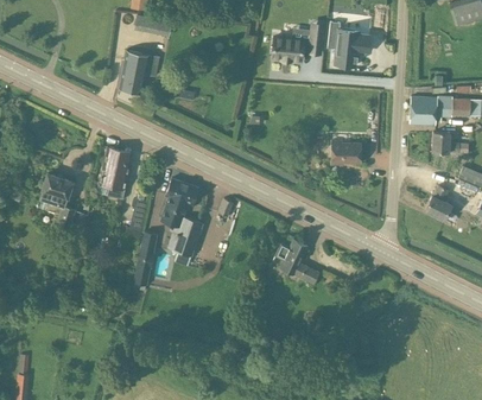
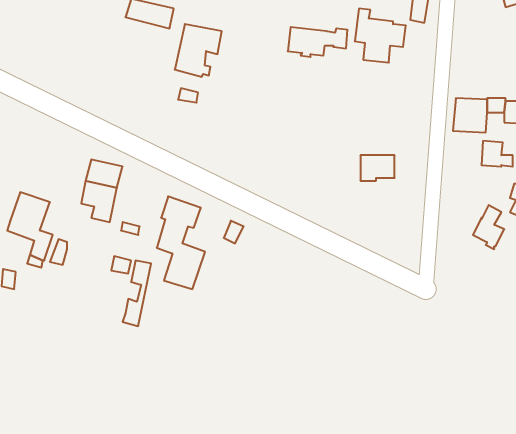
building: [119,50,158,94] -> [175,24,222,77]
building: [275,239,318,282] -> none

